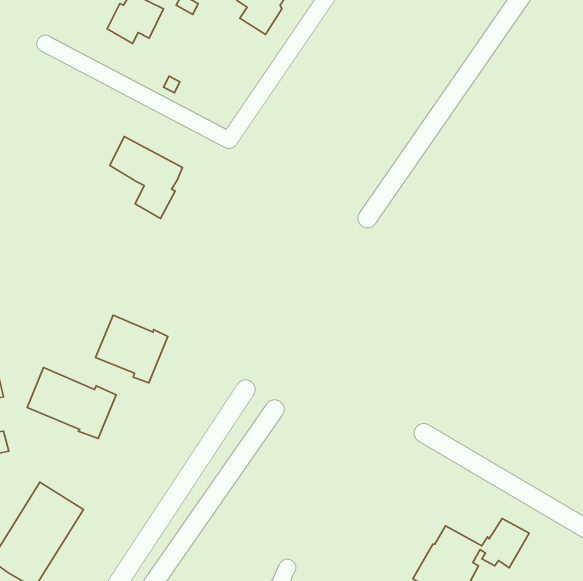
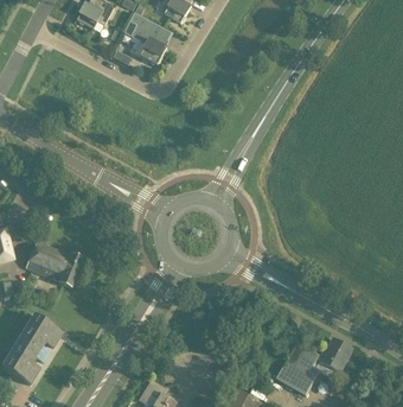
building: [110,136,182,218] -> [124,13,172,66]
building: [95,315,168,383] -> none

